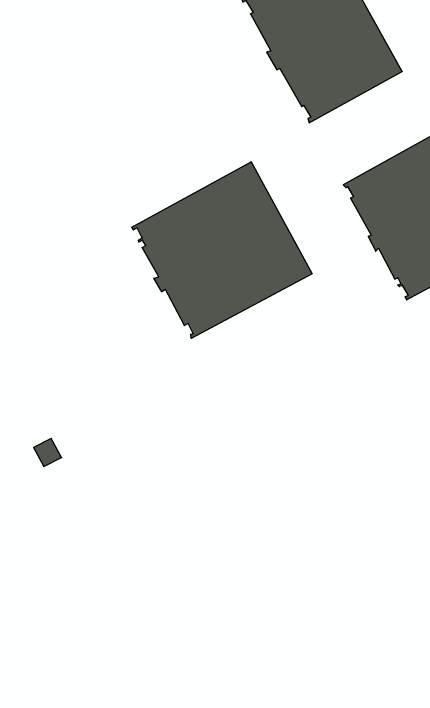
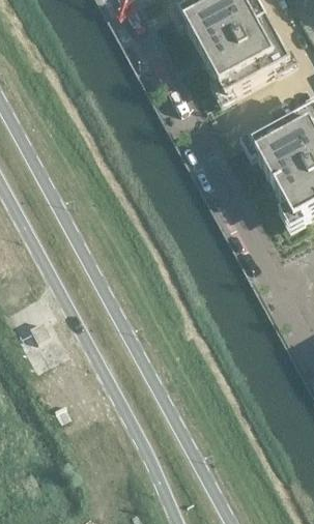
building: [132,162,312,338] -> none

